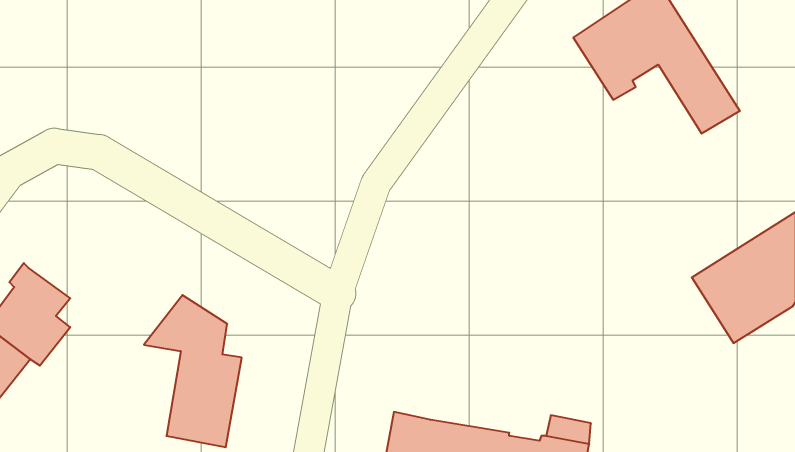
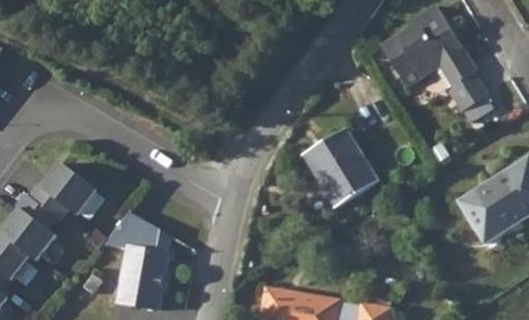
building: none -> [305,129,379,207]
building: none -> [30,161,97,218]

